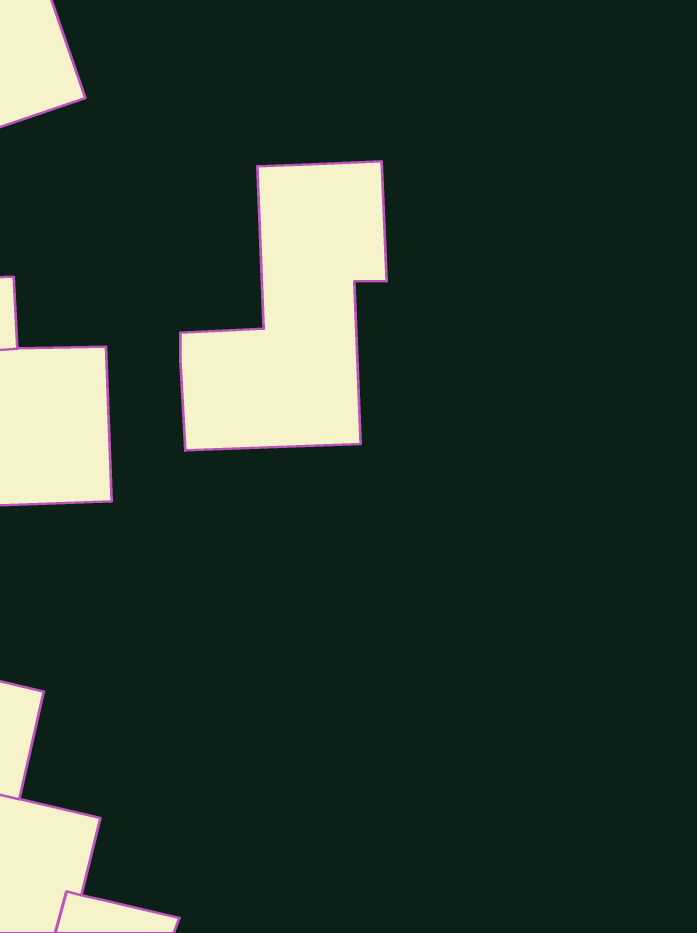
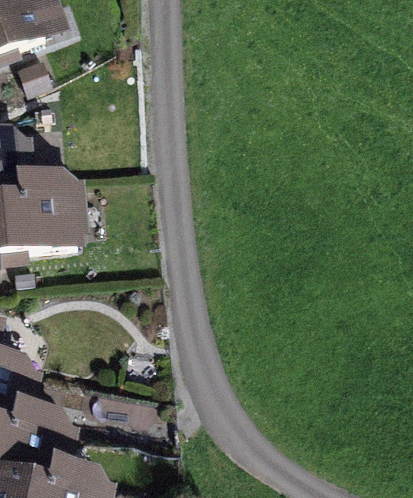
building: [181,161,386,451] -> none

